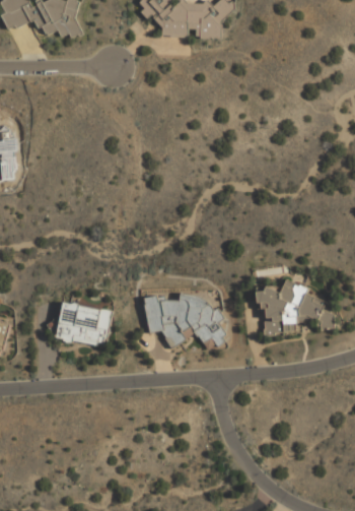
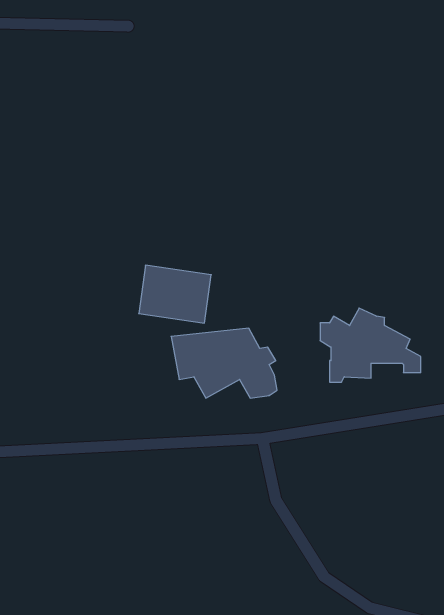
building: [55,302,110,345] -> [139,265,211,323]

